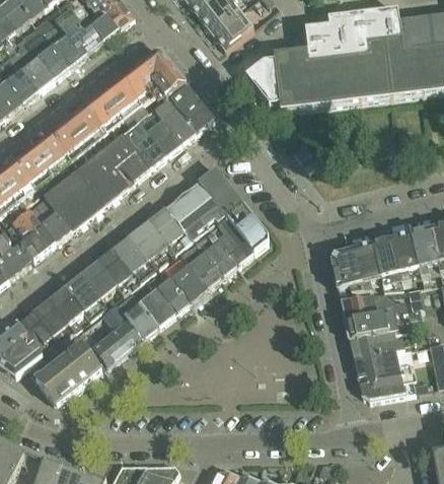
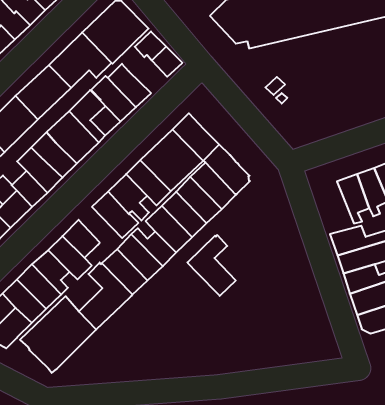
building: [153,96,198,143] -> none
building: [97,248,138,293] -> none
building: [330,248,364,292] -> none
building: none -> [187,235,236,296]

